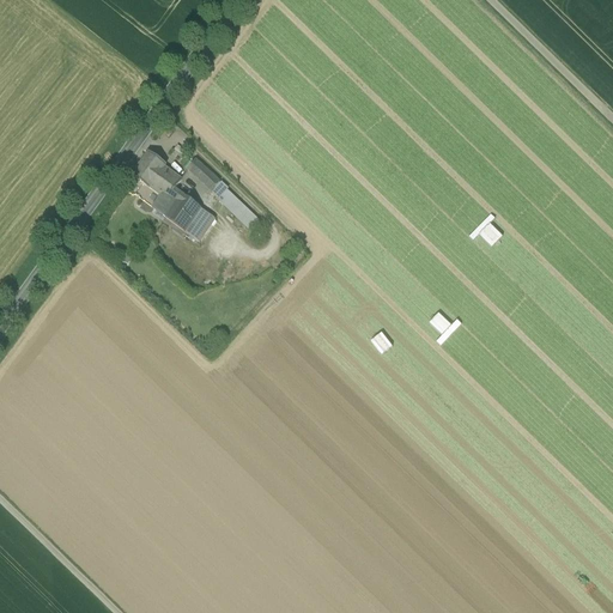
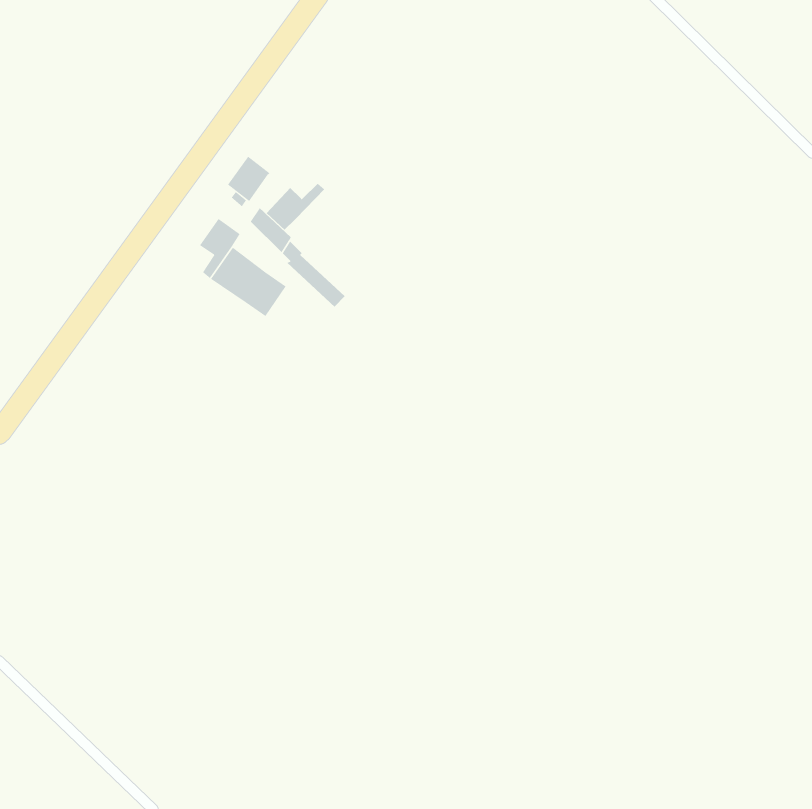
building: none -> [266,183,325,231]
building: [133,150,165,184] -> [227,156,270,202]

